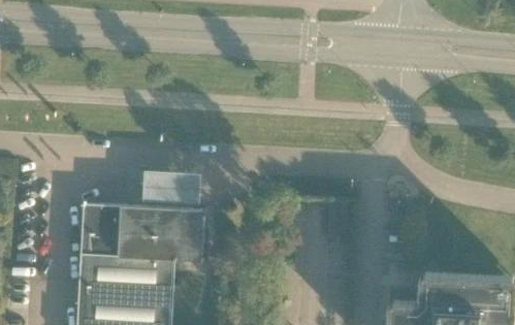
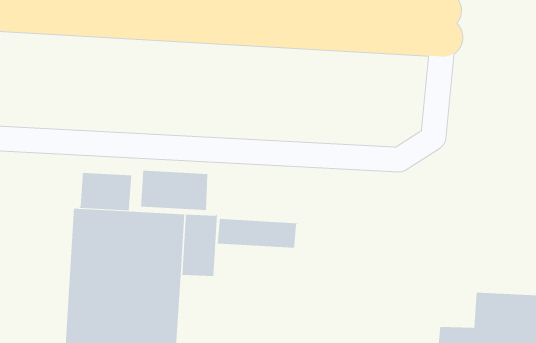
building: none -> [79,172,132,211]
building: none -> [217,218,298,249]

